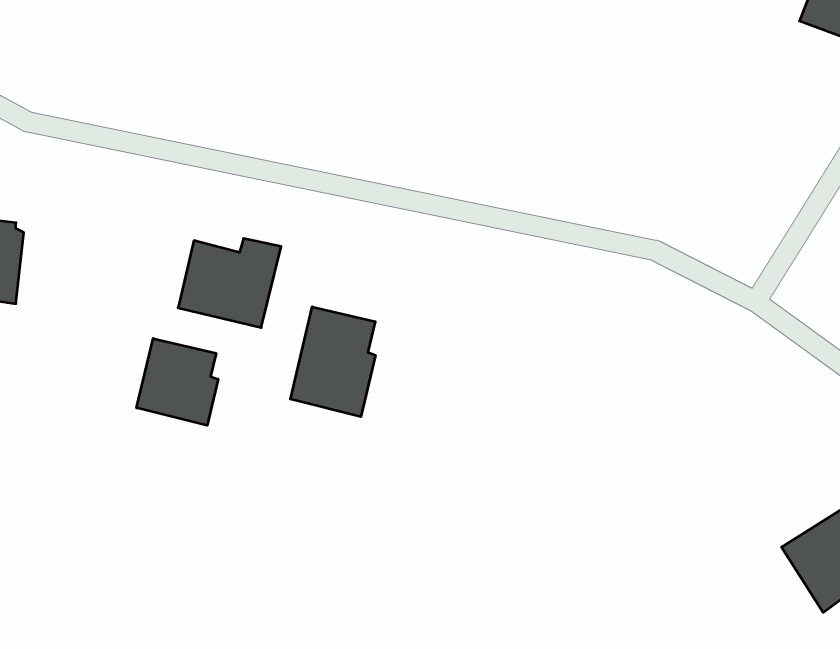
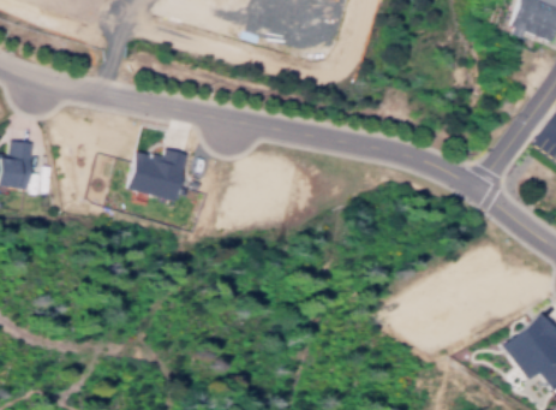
building: [290,307,375,417] -> none
building: [137,338,218,425] -> none

